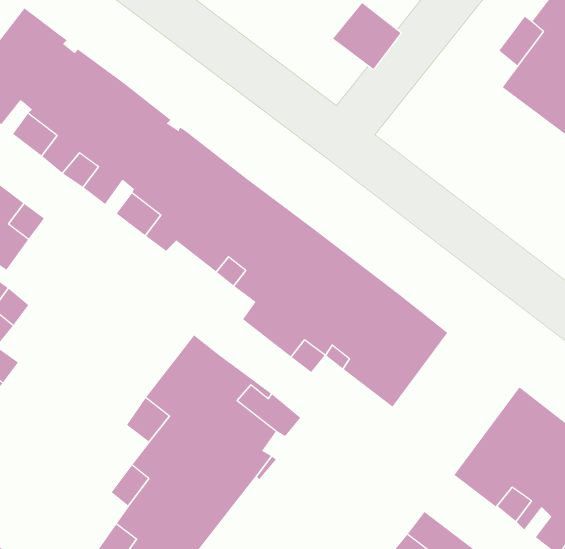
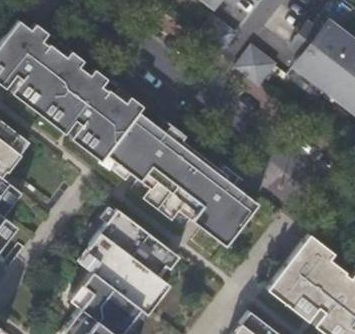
building: none -> [237,47,276,86]

